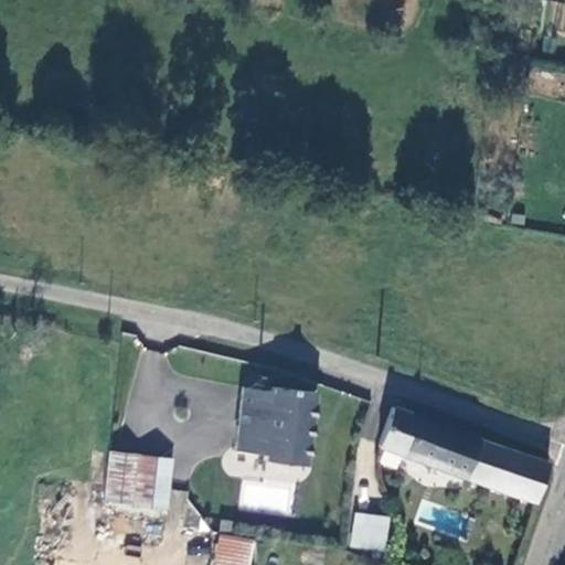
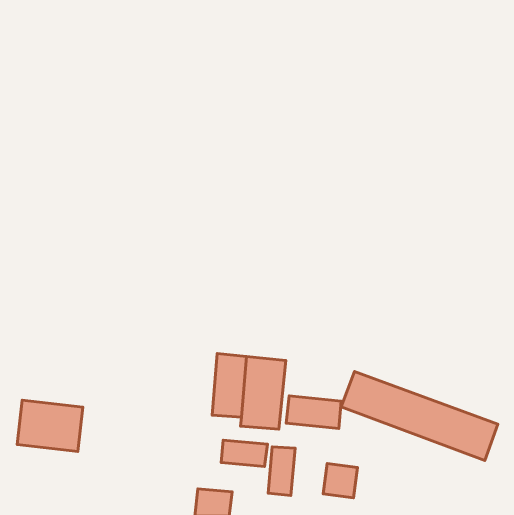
building: none -> [286,396,341,428]
building: [104,450,175,507] -> [17,400,83,452]
building: none -> [268,447,295,495]

